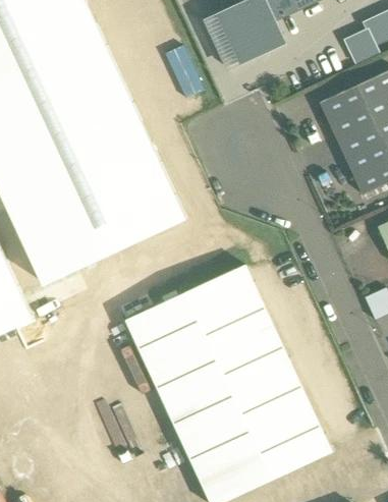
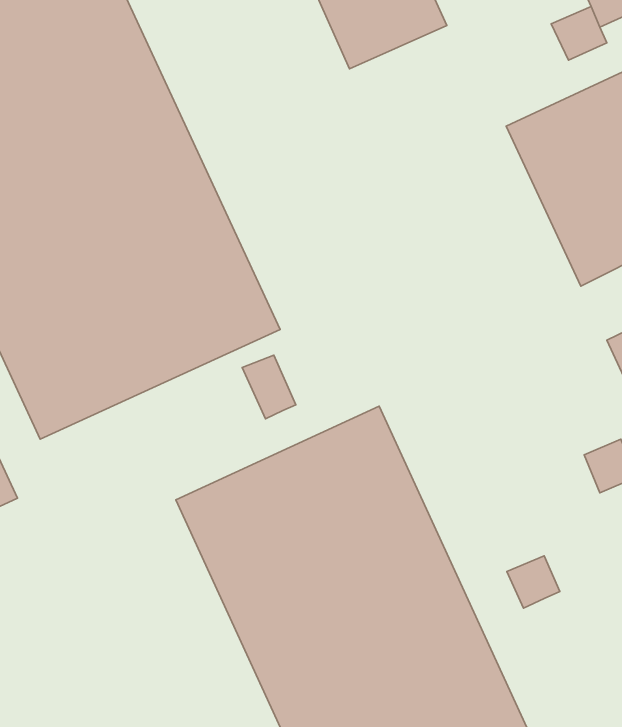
building: none -> [242,355,296,419]
building: none -> [507,556,560,608]

